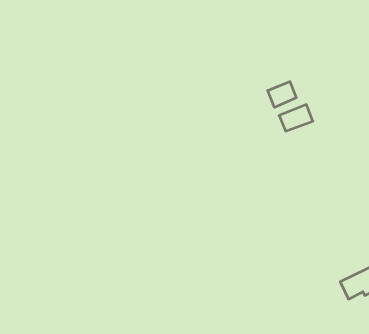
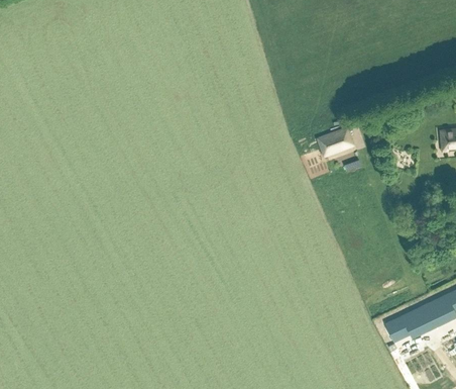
building: [268,82,296,107] -> none

